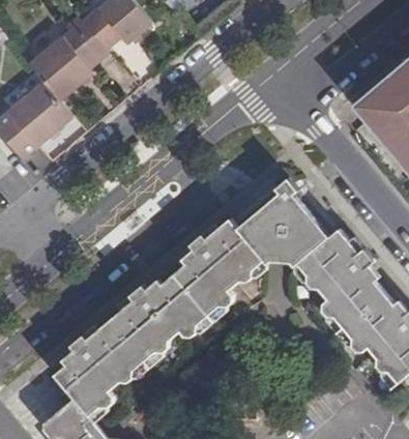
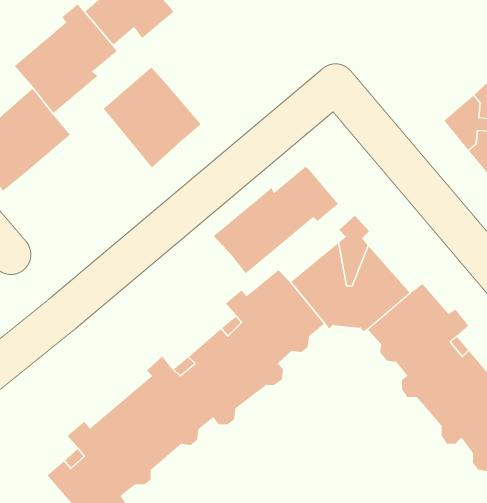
building: none -> [103,66,202,168]
building: none -> [213,166,339,274]

